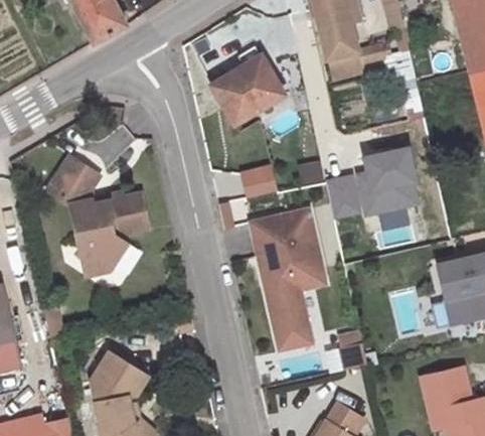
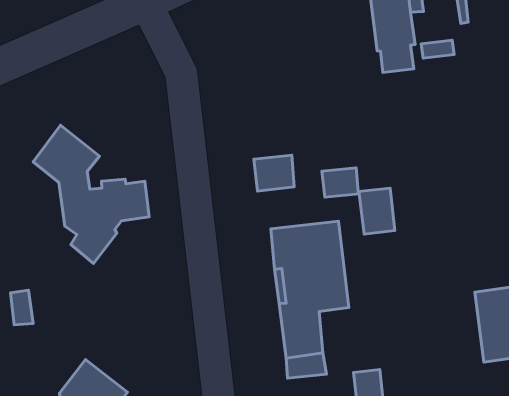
building: [212,58,284,130] -> none
building: [358,149,420,217] -> none

